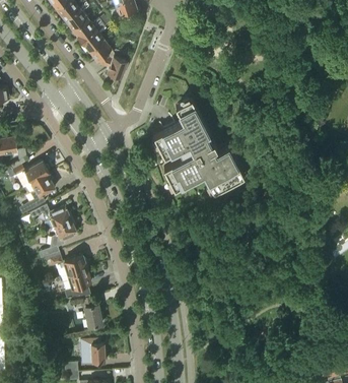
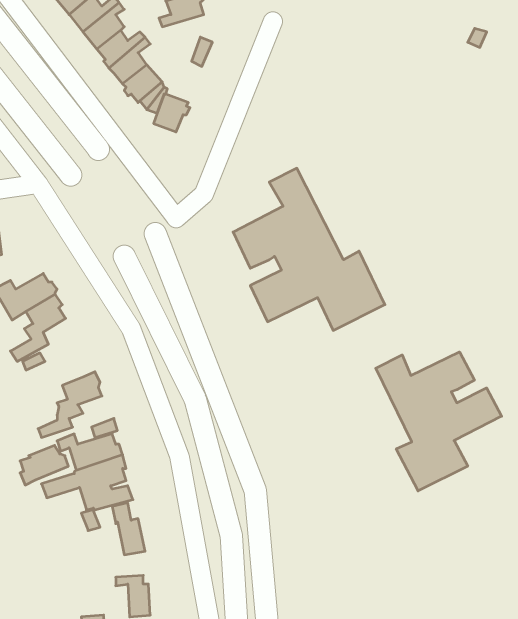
building: [44,208,72,232] -> [20,445,68,485]
building: none -> [376,352,502,491]

